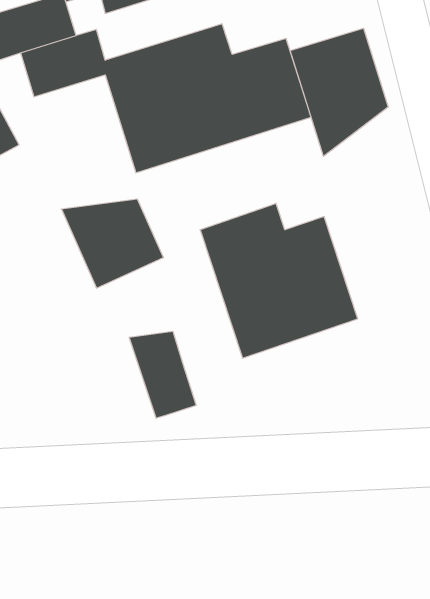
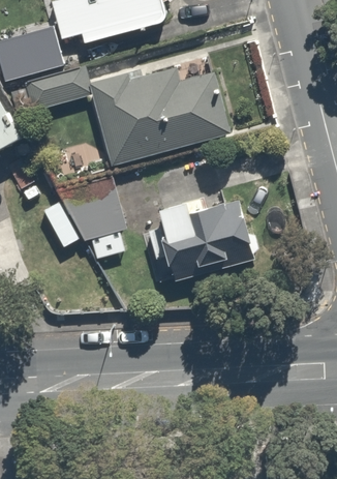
building: [290,28,388,156] -> none
building: [129,331,196,418] -> none

